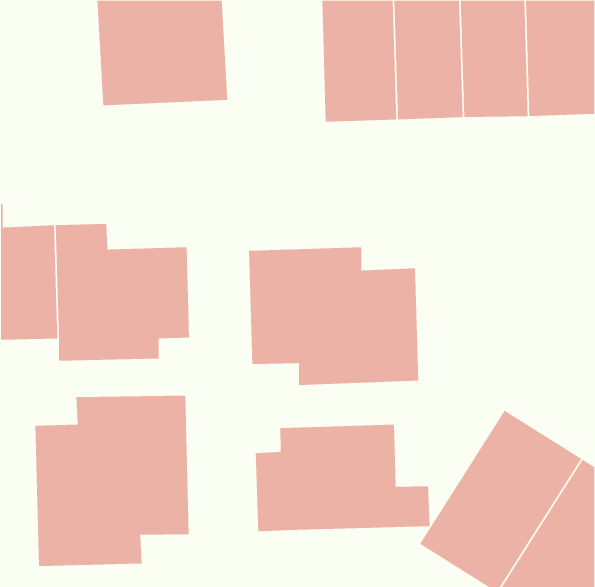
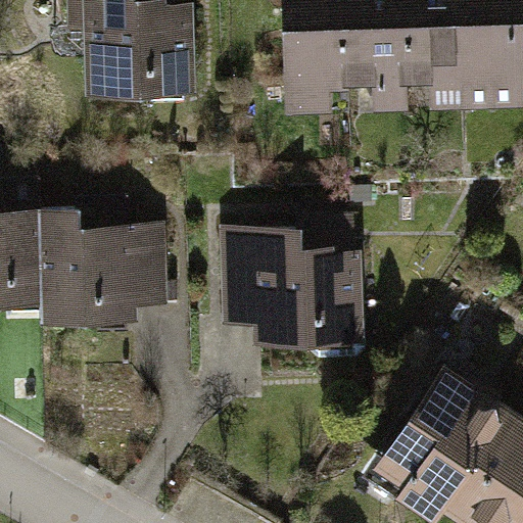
building: [35,395,189,567] -> none
building: [255,424,430,532] -> none

